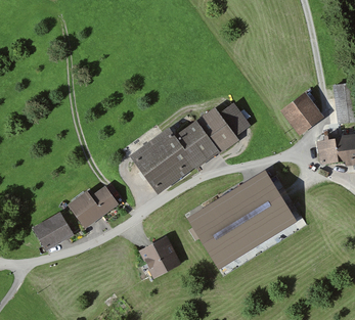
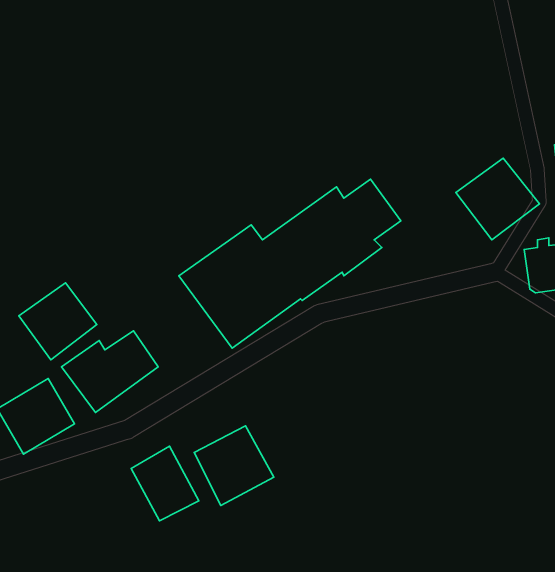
building: none -> [19,283,97,360]
building: [186,170,297,270] -> none
building: none -> [131,446,199,521]

